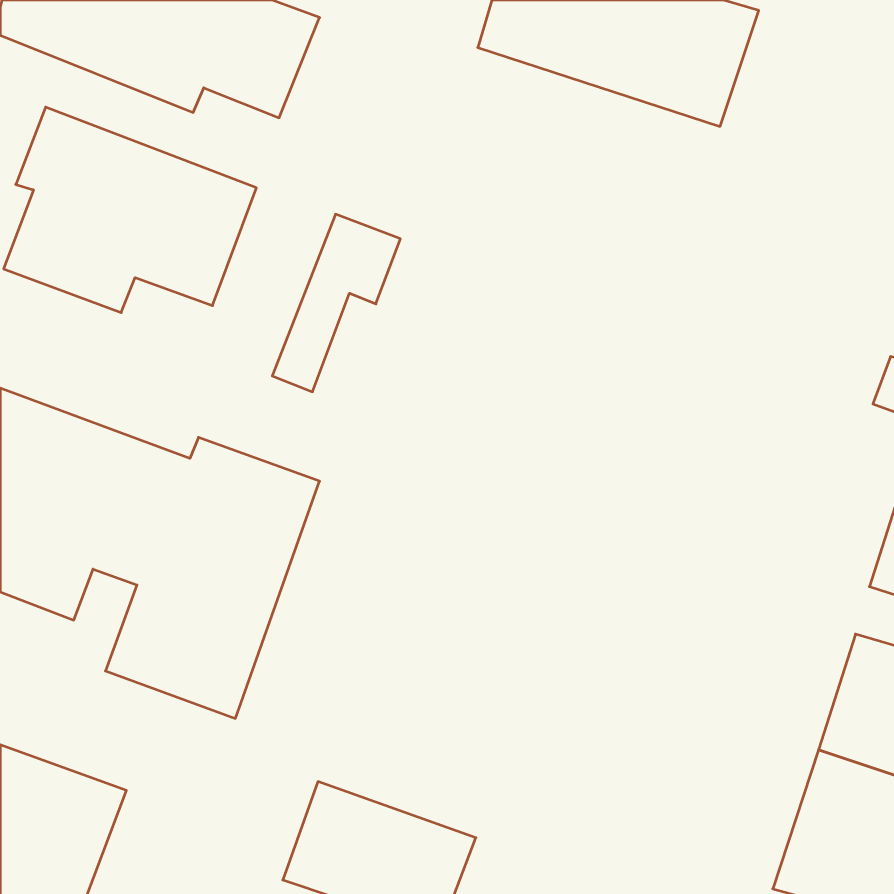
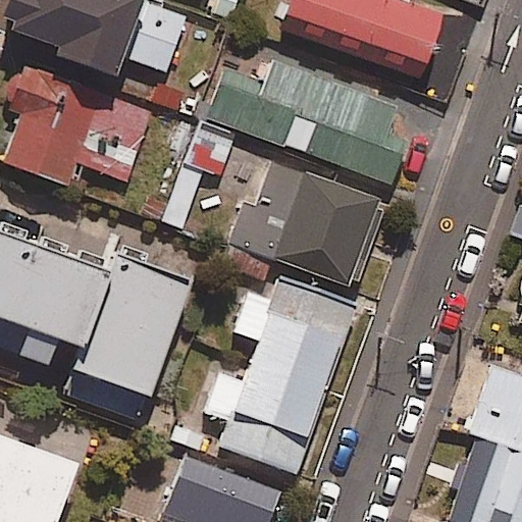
building: none -> [207,63,404,181]
building: none -> [220,160,385,285]
building: none -> [206,275,352,469]

